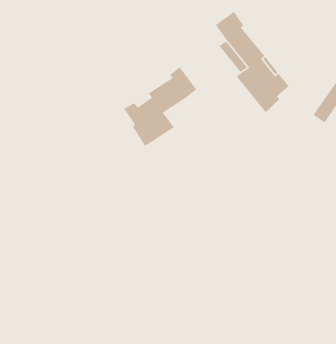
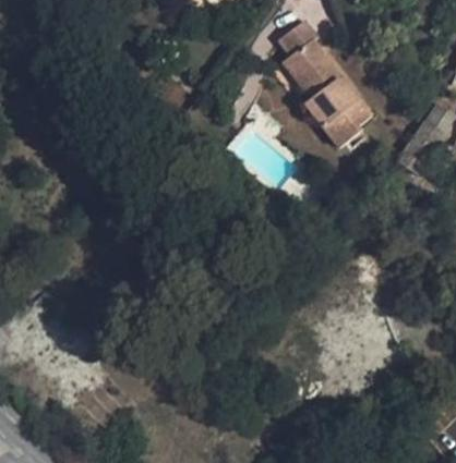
building: [123,66,197,147] -> none

